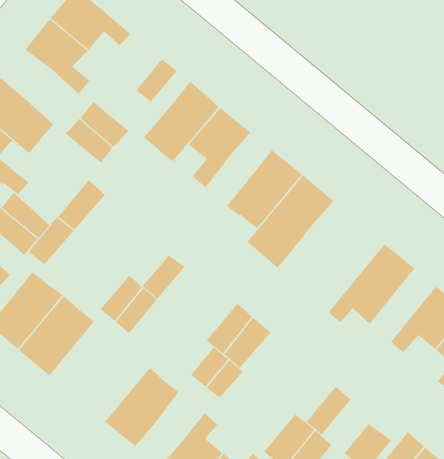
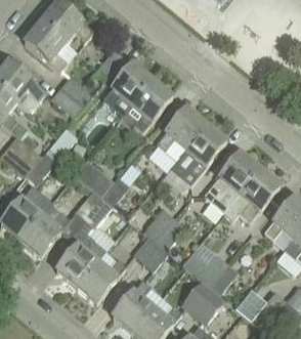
building: none -> [203,152,259,214]
building: none -> [80,164,114,197]
building: none -> [56,234,105,286]
building: none -> [181,241,227,286]

